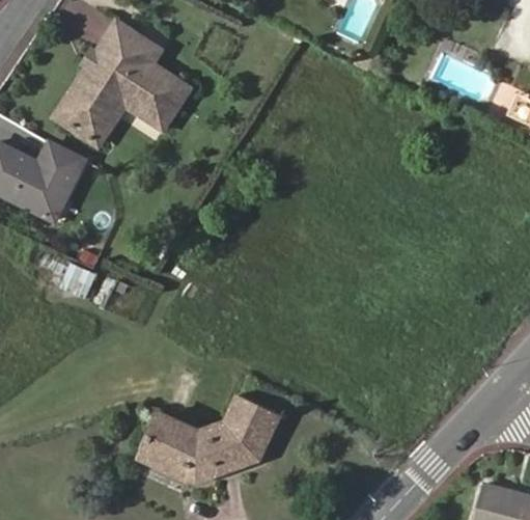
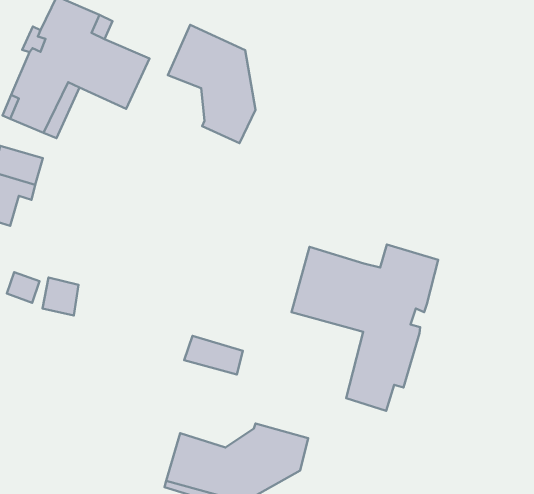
building: none -> [168,25,256,143]
building: none -> [292,244,438,411]
building: [230,398,282,437] -> [184,336,243,375]

